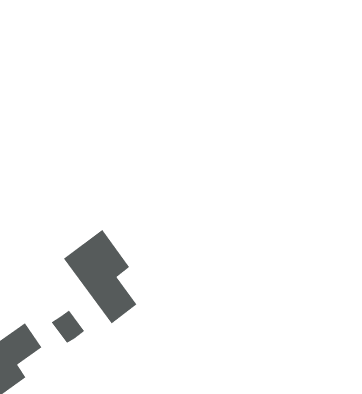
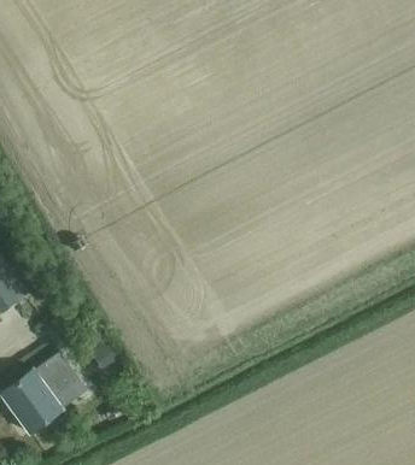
building: [63,229,138,325] -> none

